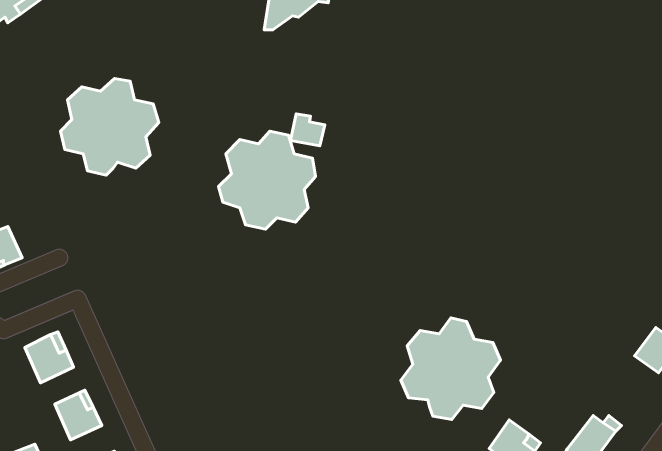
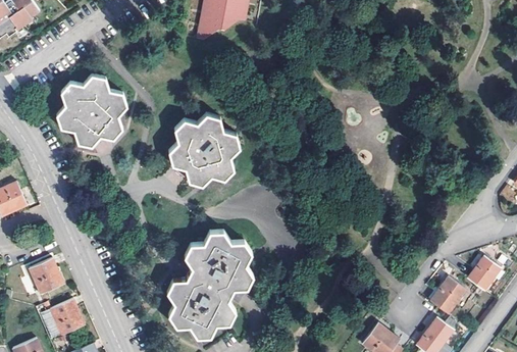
building: [291,114,325,146] -> none
building: none -> [164,234,253,339]
building: [401,318,501,420] -> none
building: none -> [430,275,466,312]

